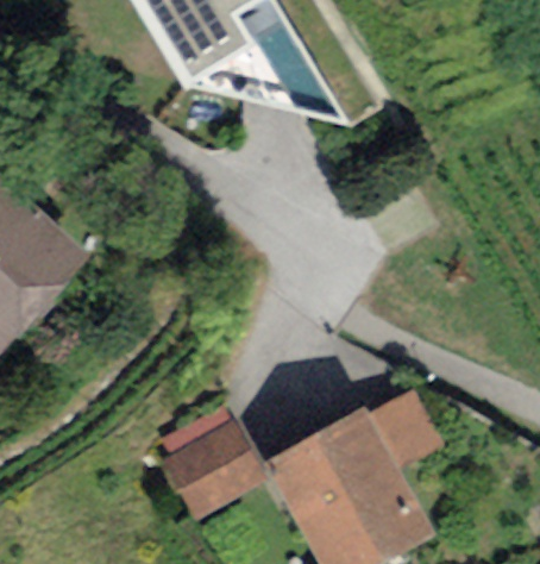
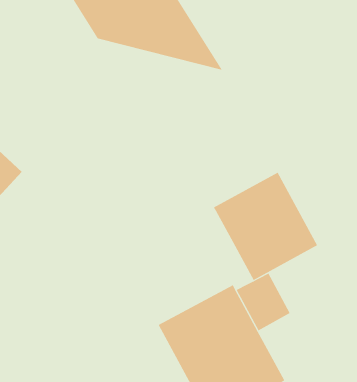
building: none -> [213,172,318,281]
building: [162,416,266,514] -> none

